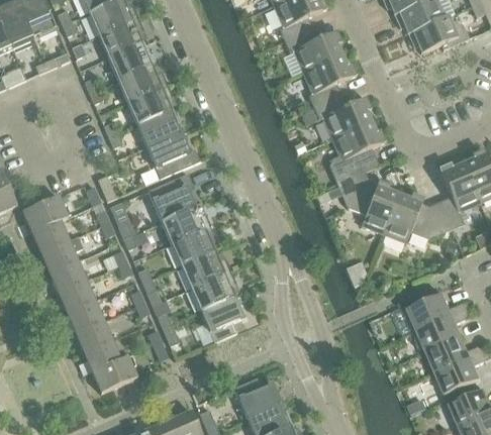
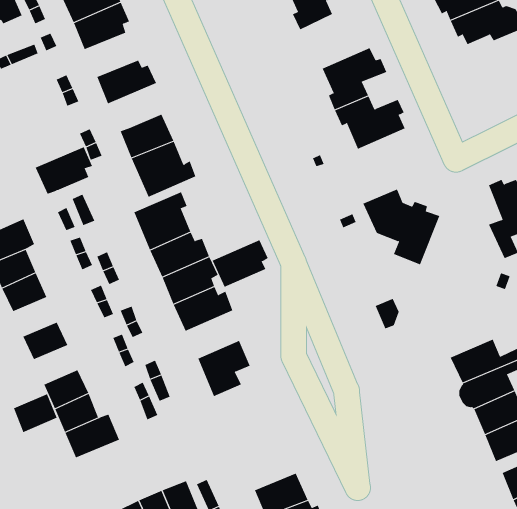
building: [284,27,341,72] -> none
building: [107,42,152,79] -> none
building: [126,84,174,123] -> [35,146,93,194]
building: [328,121,384,183] -> none
building: [383,193,452,242] -> none
building: [48,259,85,292] -> none
building: [190,270,236,310] -> [212,240,269,288]
building: [66,299,102,331] -> [13,393,57,433]
building: [233,376,281,418] -> none

